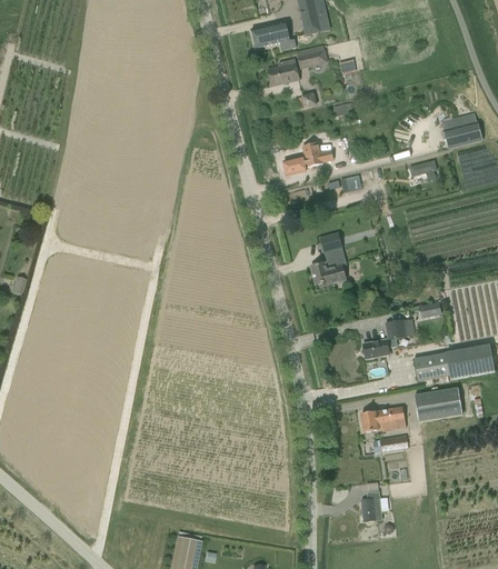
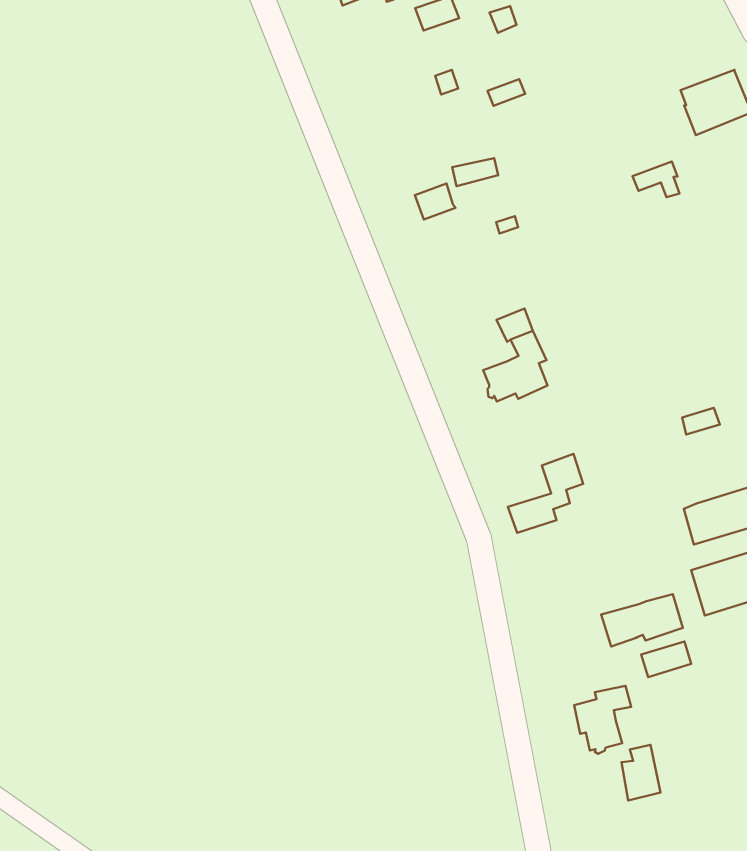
building: [268,59,298,84] -> none
building: [362,318,407,359] -> [508,454,583,533]
building: none -> [574,686,631,754]

